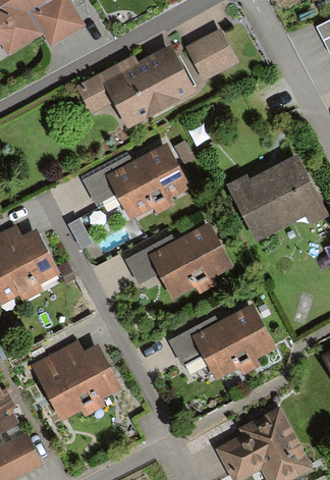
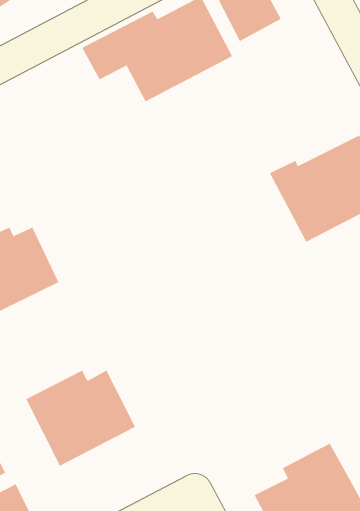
building: [84,141,188,215] -> none
building: [126,221,234,298] -> none
building: [171,303,278,379] -> none

